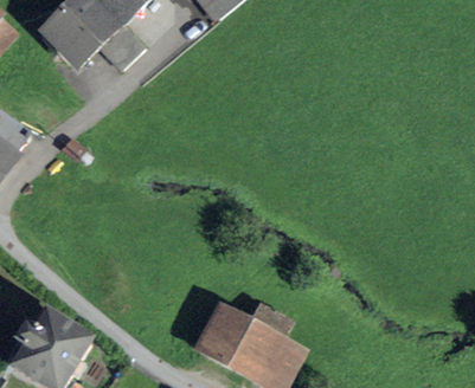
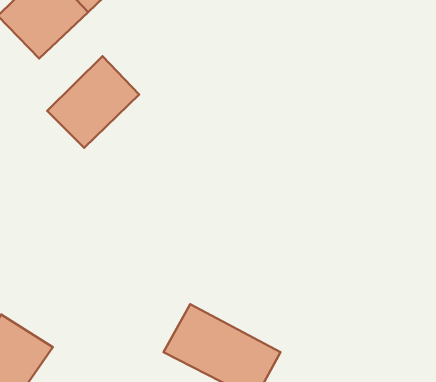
building: none -> [47,56,139,148]

